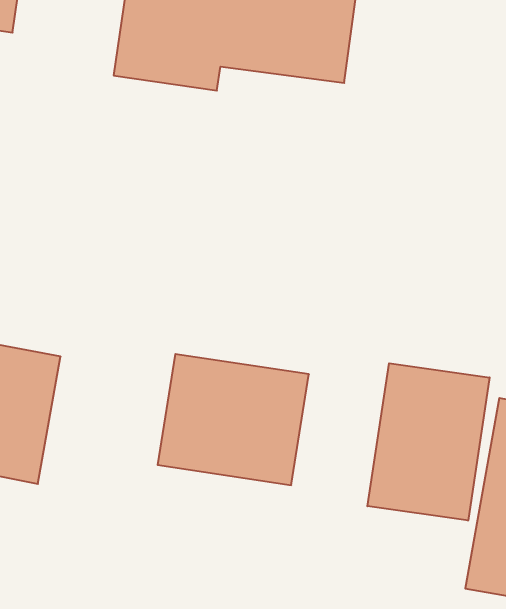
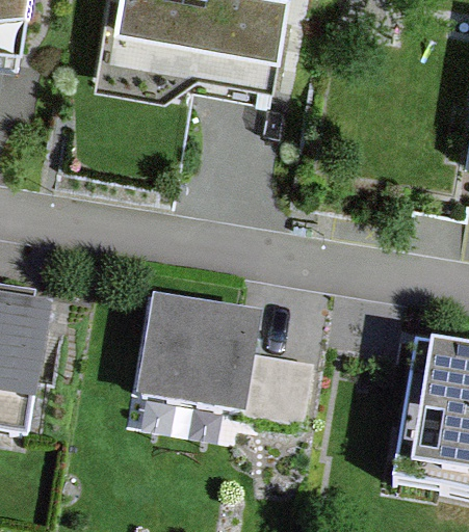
building: [367,363,490,521] -> none

